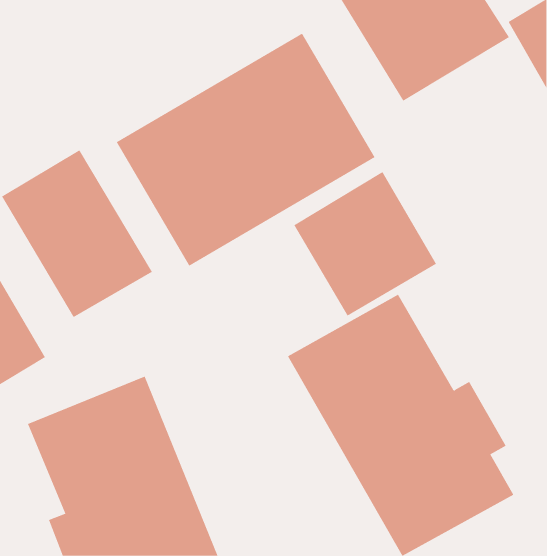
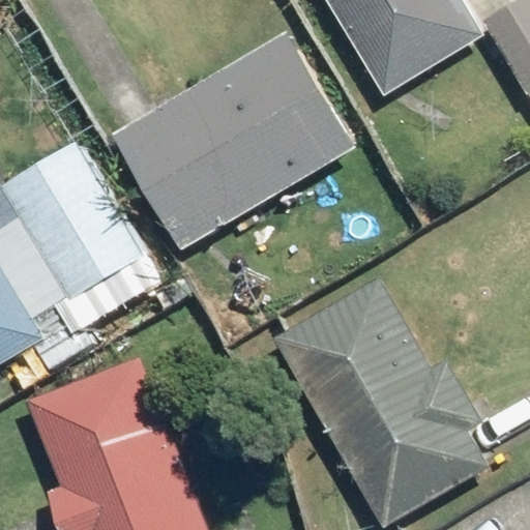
building: [293,171,437,317] -> none

